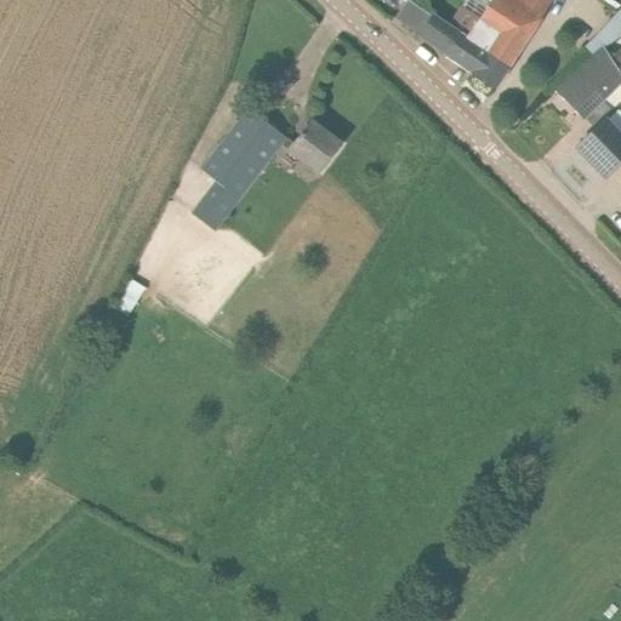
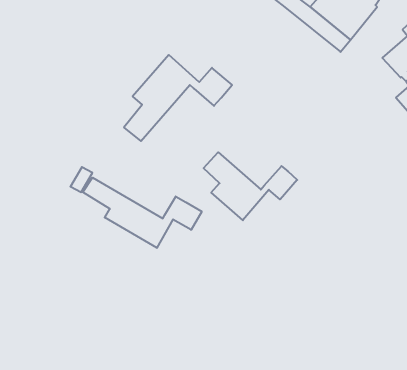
building: none -> [204,152,297,220]
building: none -> [83,178,202,248]

